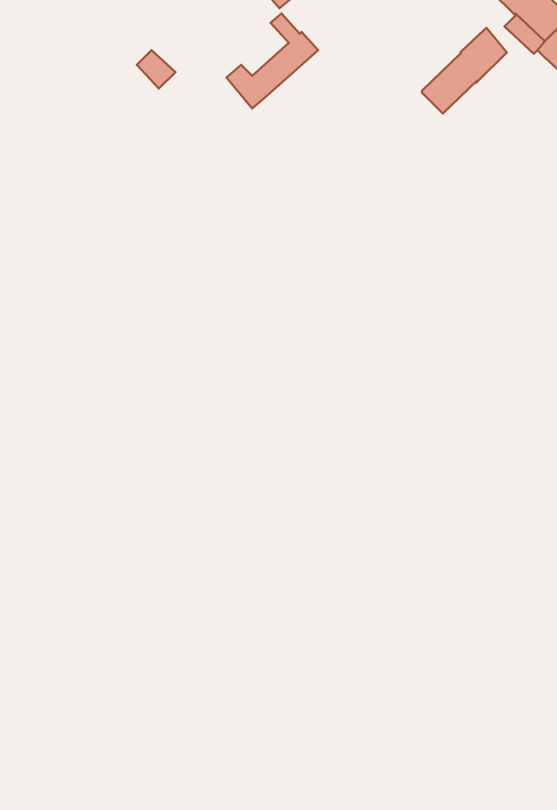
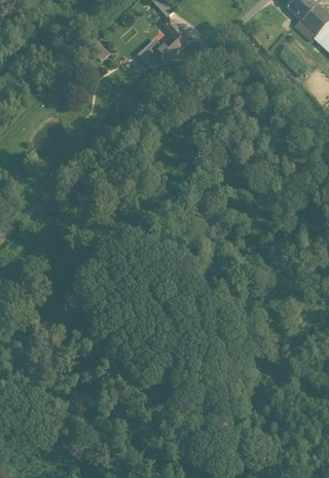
building: [422,28,507,113] -> none

